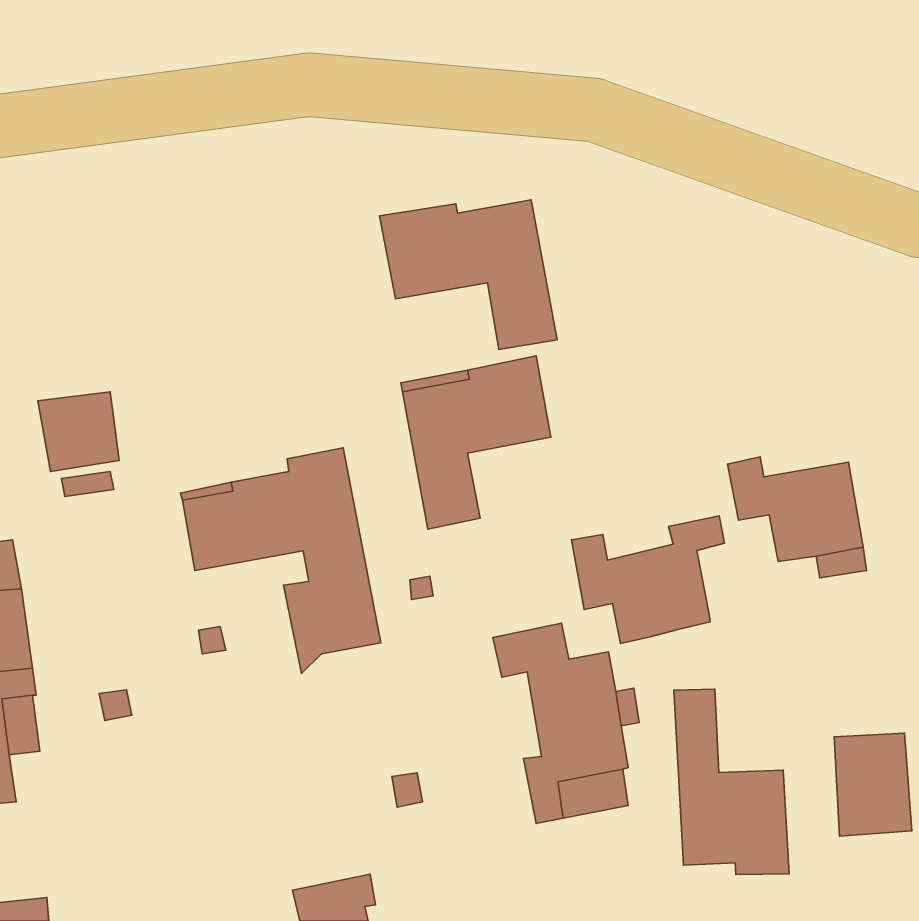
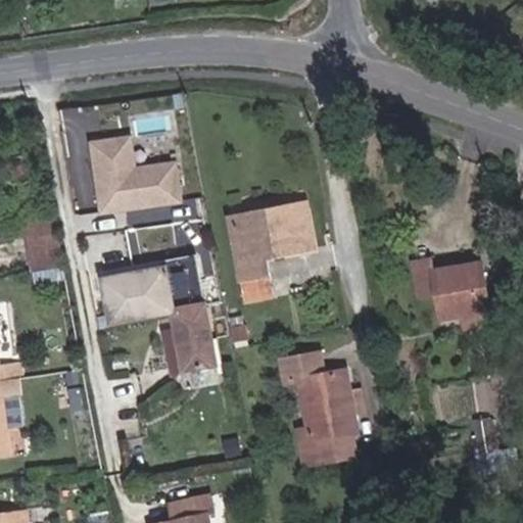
building: [380,200,557,350] -> none
building: none -> [90,136,178,211]
building: [571,516,724,644] -> none
building: [674,689,789,874] -> none

